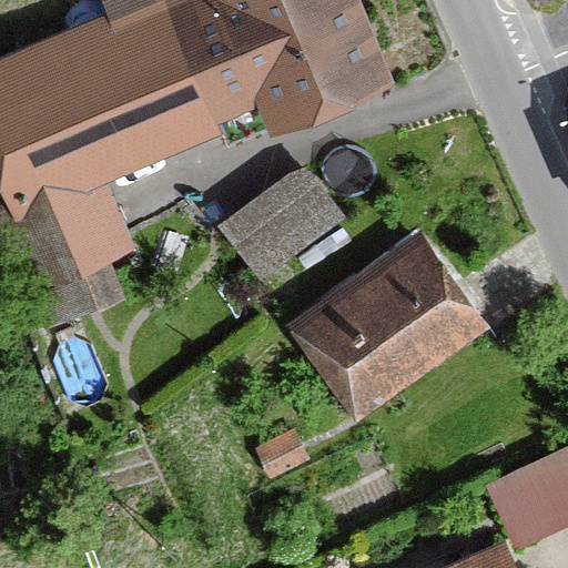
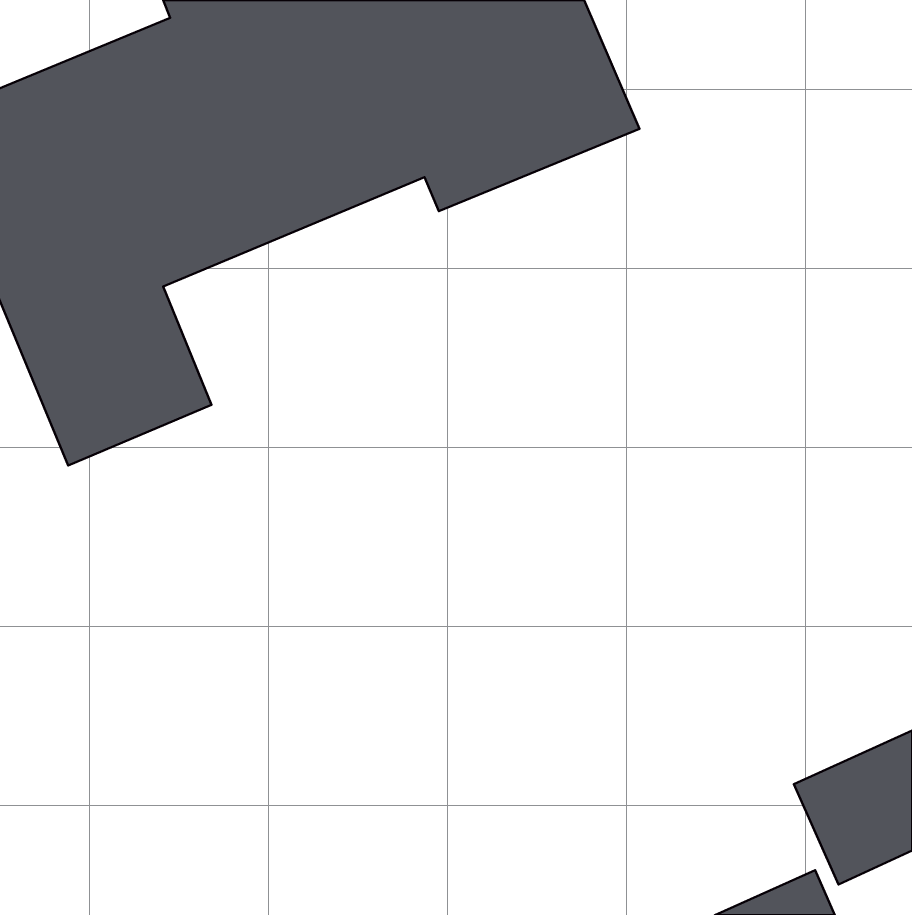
building: [216,162,343,278] -> none
building: [287,233,490,426] -> none

